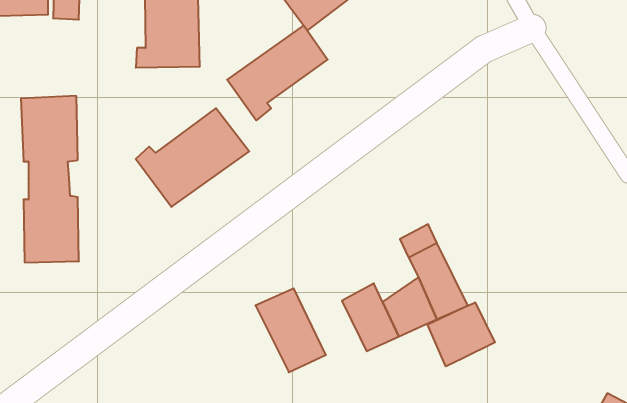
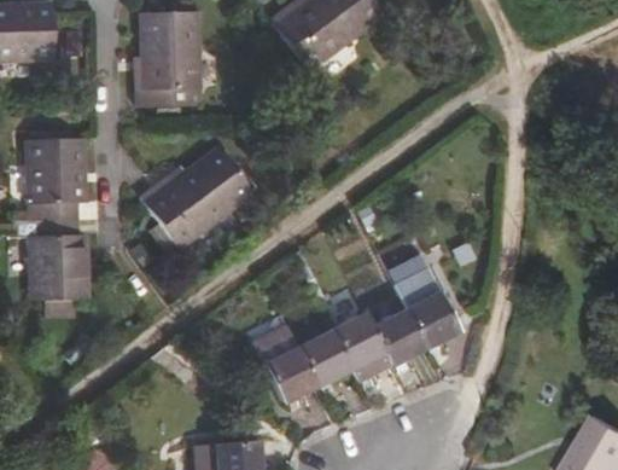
building: [227,26,328,120] -> none
building: none -> [304,335,356,388]
building: [427,302,495,366] -> none

